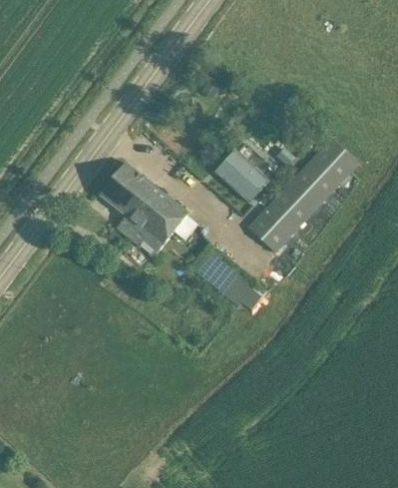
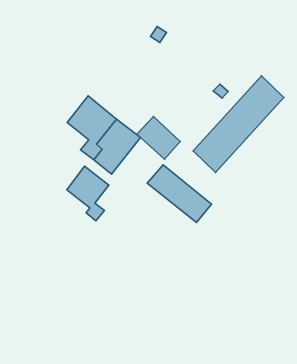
building: [214,149,266,200] -> [137,117,180,159]
building: none -> [67,166,109,221]

